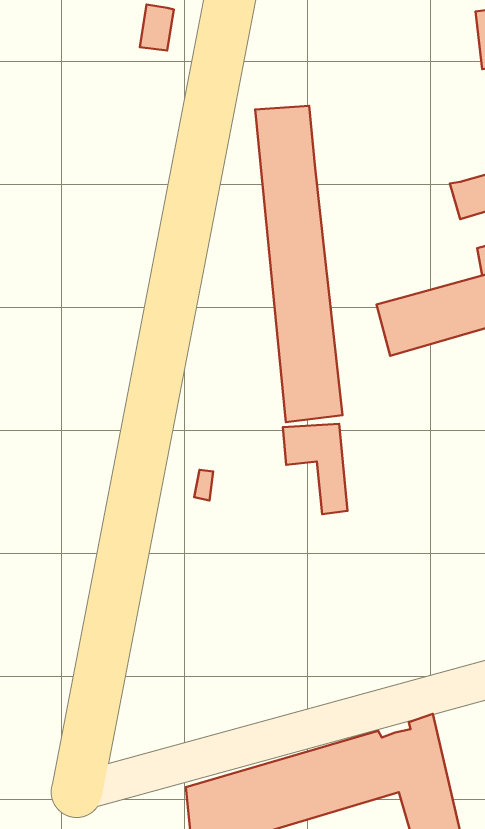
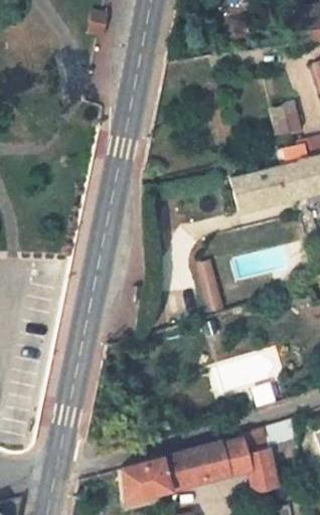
building: [255,106,342,422] -> none

